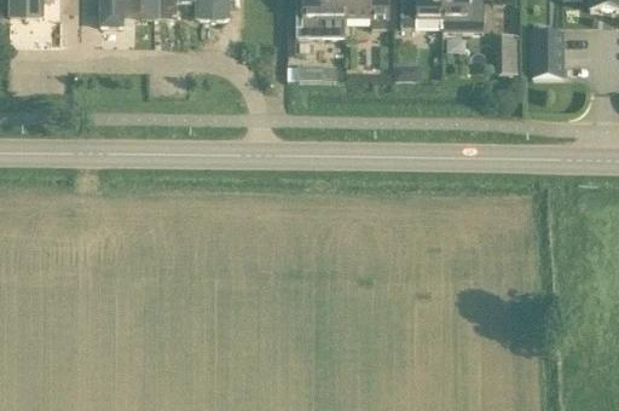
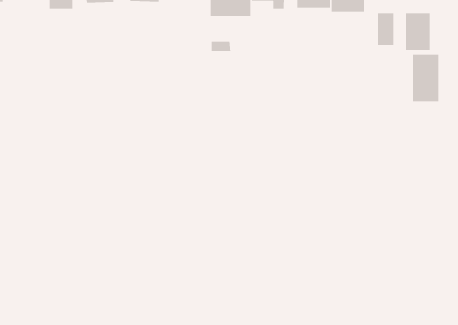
building: none -> [412,54,439,102]

